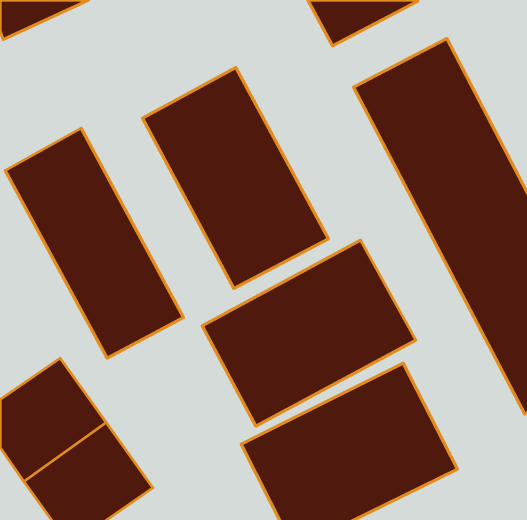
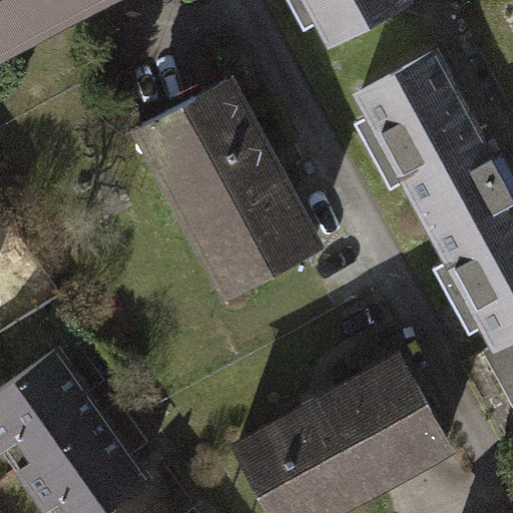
building: [5,128,184,358] -> none
building: [202,240,416,426] -> none

